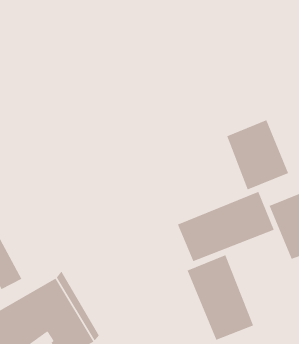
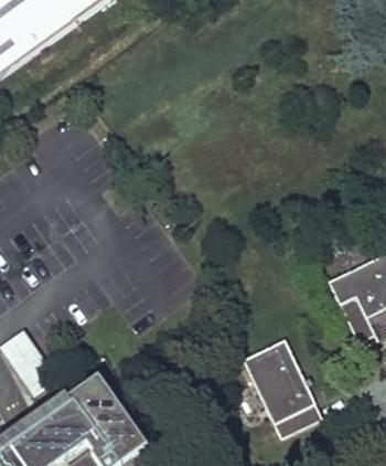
building: [226,119,289,190] -> none
building: [177,191,275,262] -> none

